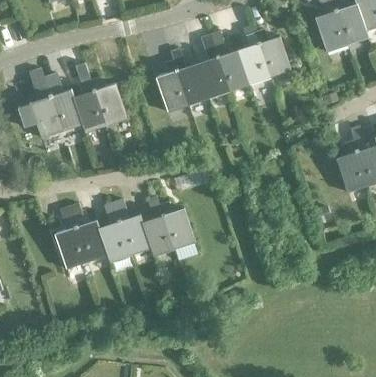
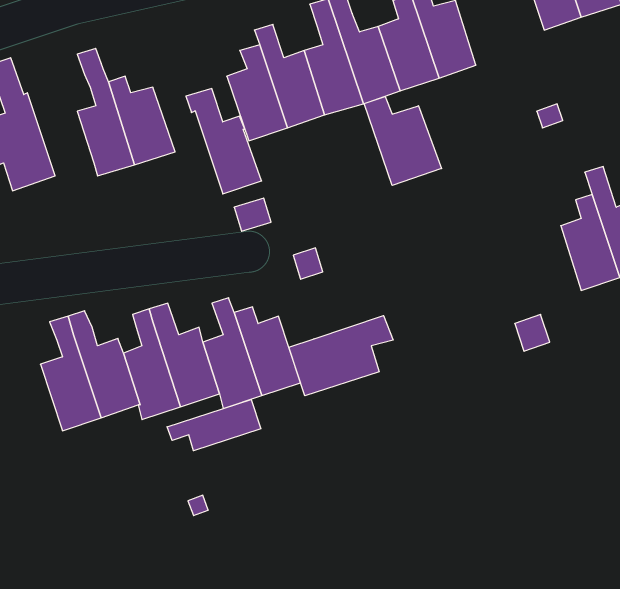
building: [42,74,83,131] -> [186,89,262,194]
building: none -> [364,96,442,185]
building: none -> [289,316,393,396]
building: none -> [167,399,261,451]

